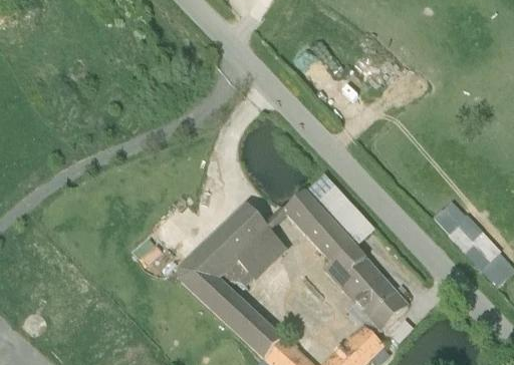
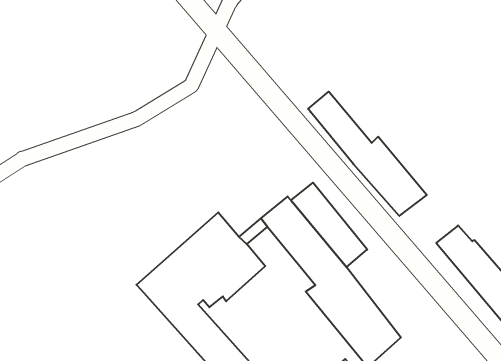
building: none -> [308,92,427,216]

